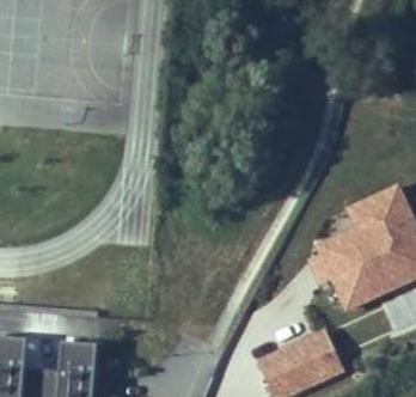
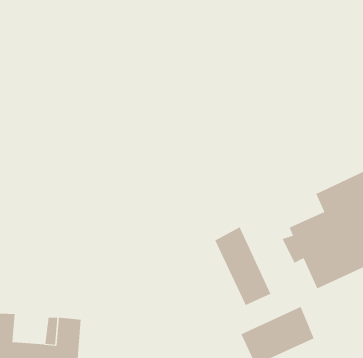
building: none -> [215,227,271,306]

